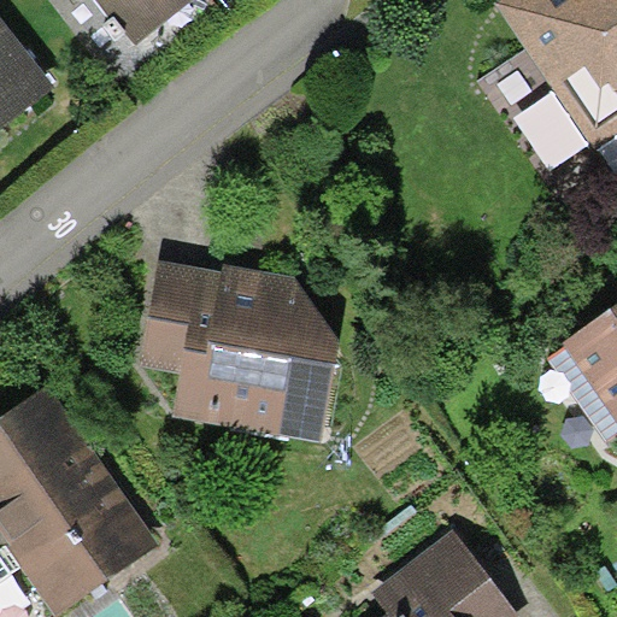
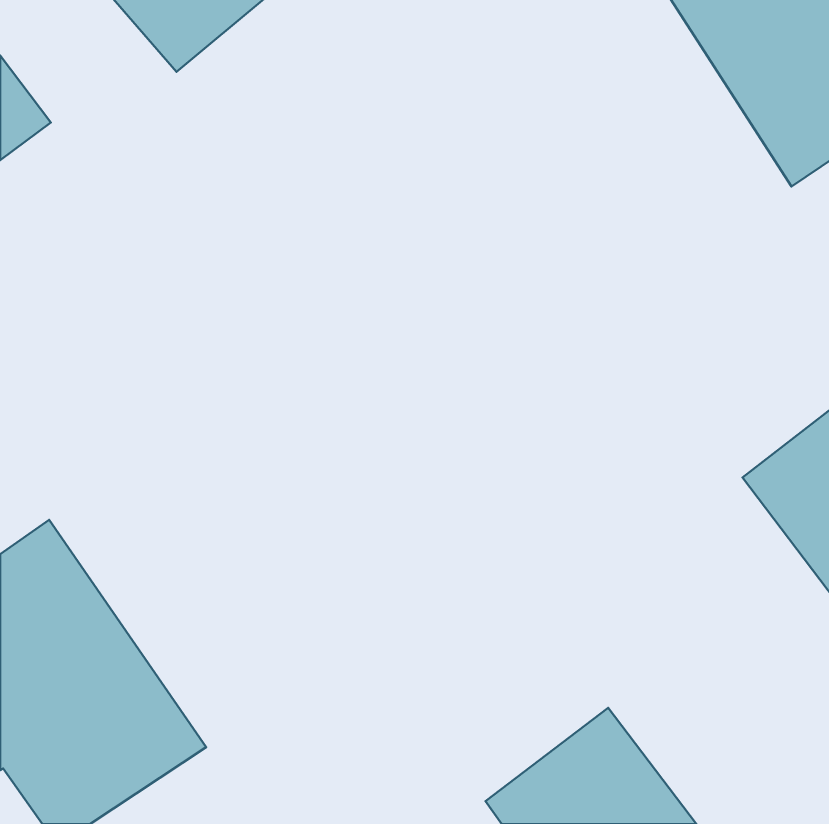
building: [135,259,334,441] -> none

